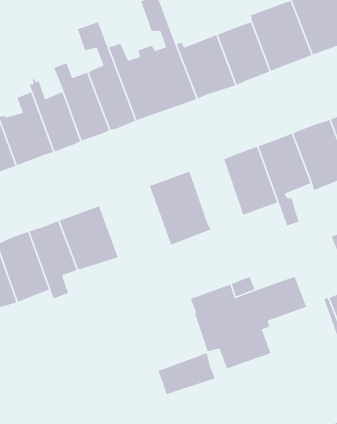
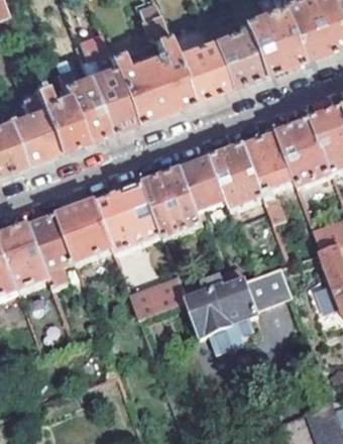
building: none -> [182,157,228,218]
building: none -> [97,183,162,253]
building: [158,352,216,395] -> [132,278,187,318]

